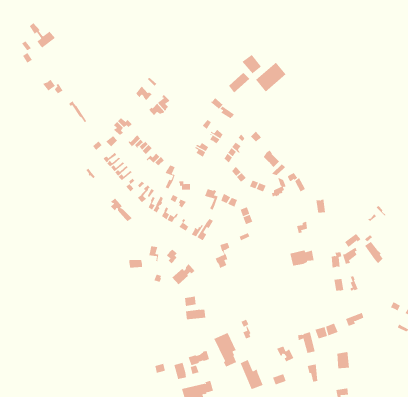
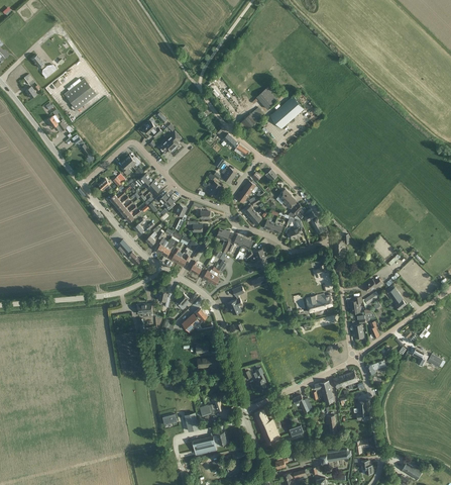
building: none -> [63,78,96,110]
building: [213,332,237,368] -> none

